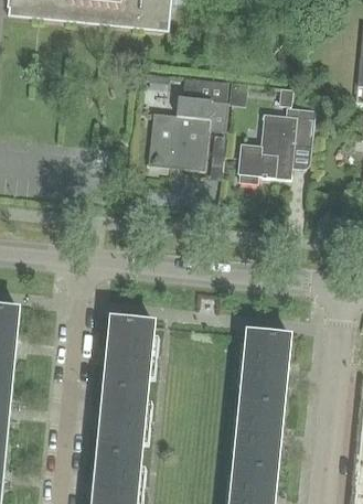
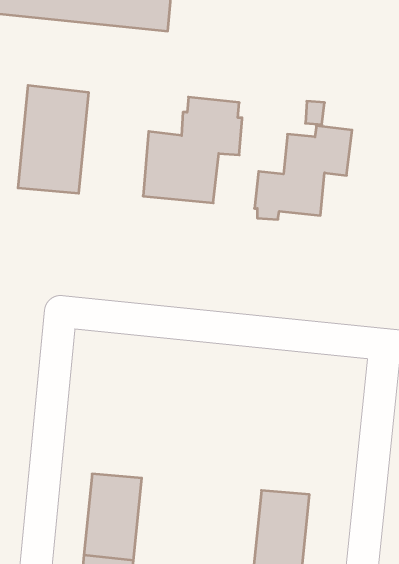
building: none -> [18,85,88,193]
building: [107,320,152,389] -> none
building: [243,333,288,403] -> none

